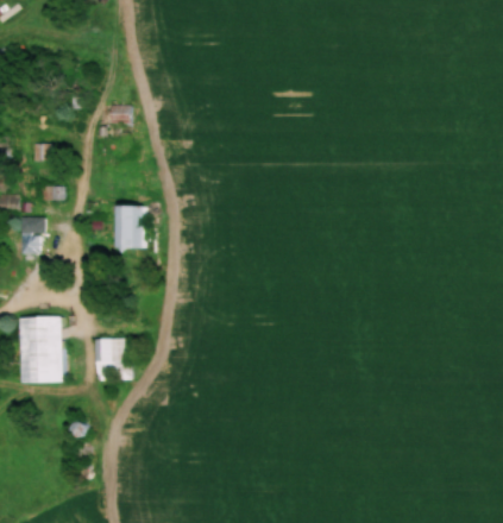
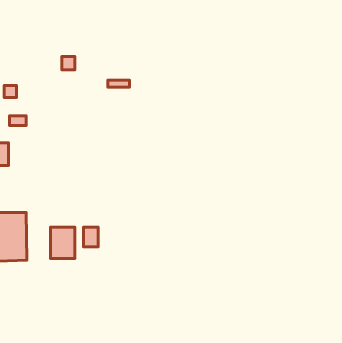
building: [115,206,144,250] -> none
building: none -> [84,227,98,247]

